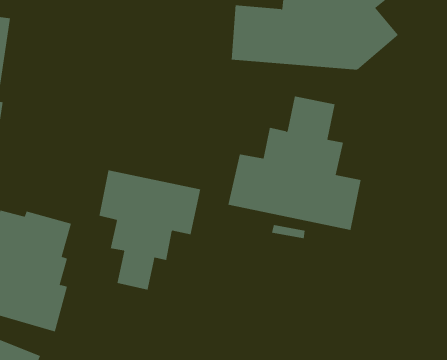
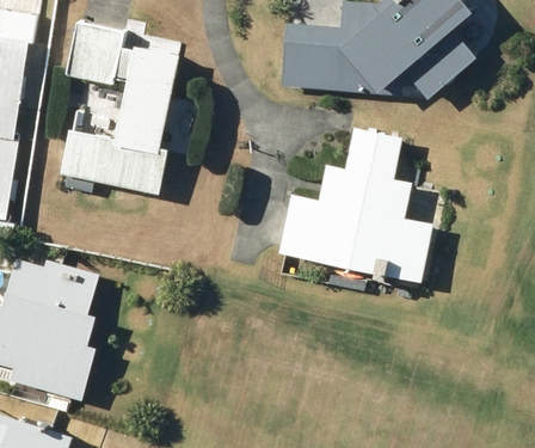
building: none -> [61,23,178,194]
building: [99,169,201,290] -> none

